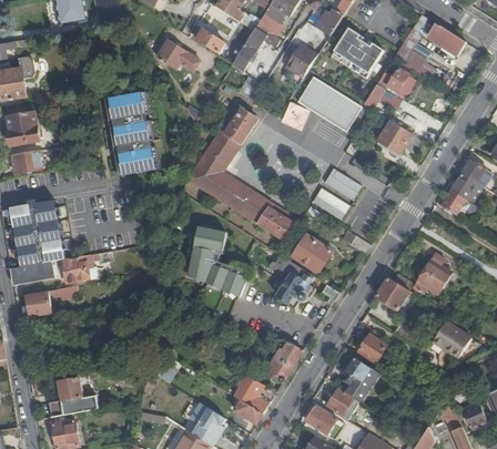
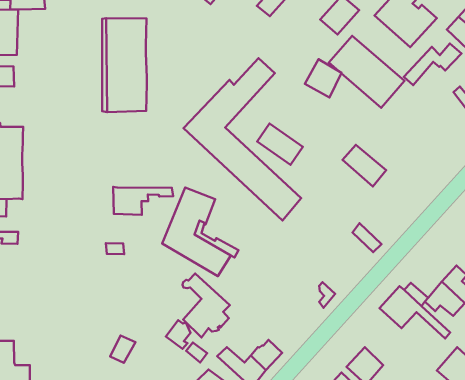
building: [377,120,412,154] -> none
building: [312,186,351,217] -> [257,124,303,165]
building: [293,234,331,272] -> none
building: [61,252,112,282] -> [113,187,173,215]
building: [270,255,313,307] -> [183,274,230,338]

